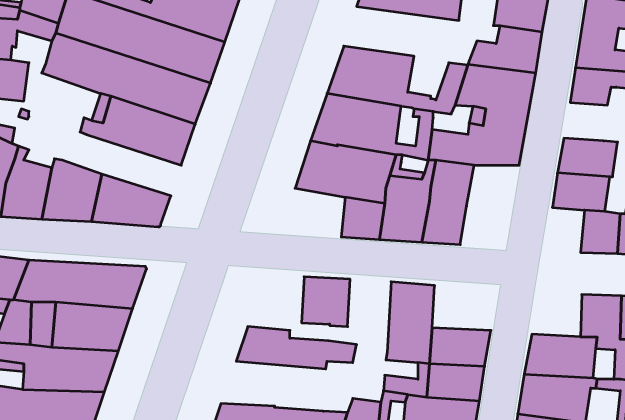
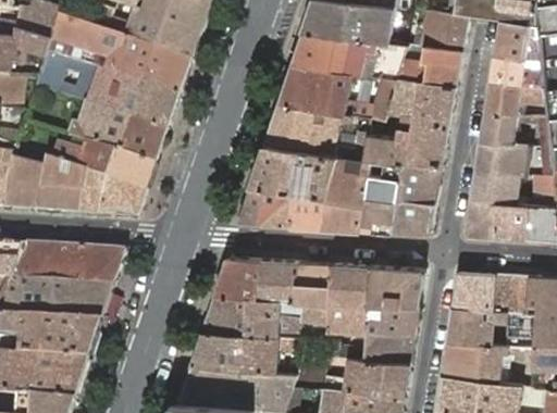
building: none -> [293,29,410,79]
building: none -> [480,111,517,143]
building: none -> [53,138,154,190]
building: none -> [392,164,442,234]
building: none -> [239,184,294,225]
building: none -> [465,200,497,238]
building: none -> [211,256,281,313]
building: none -> [296,261,333,323]
building: none -> [368,266,423,304]
building: none -> [453,272,495,310]
building: none -> [188,330,307,373]

